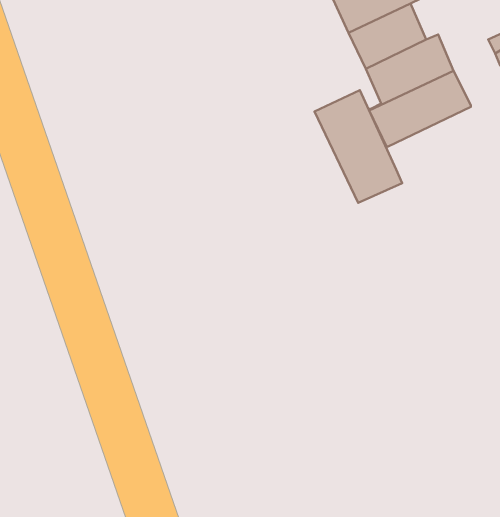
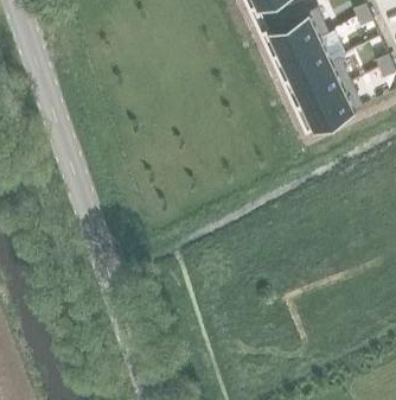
building: [315,90,402,203] -> none

